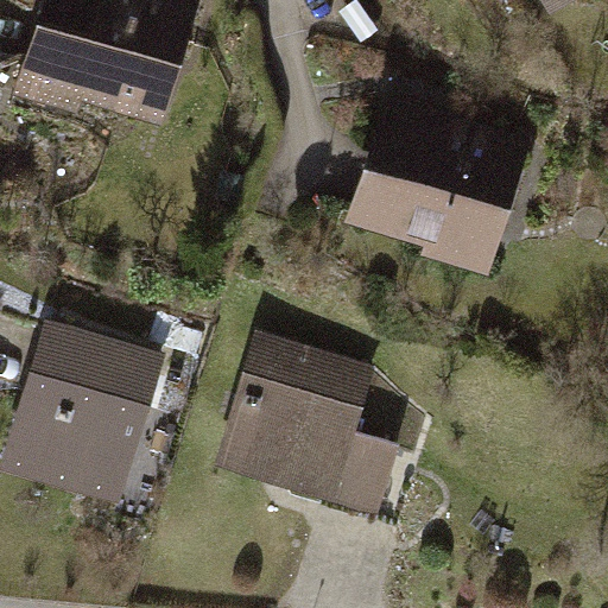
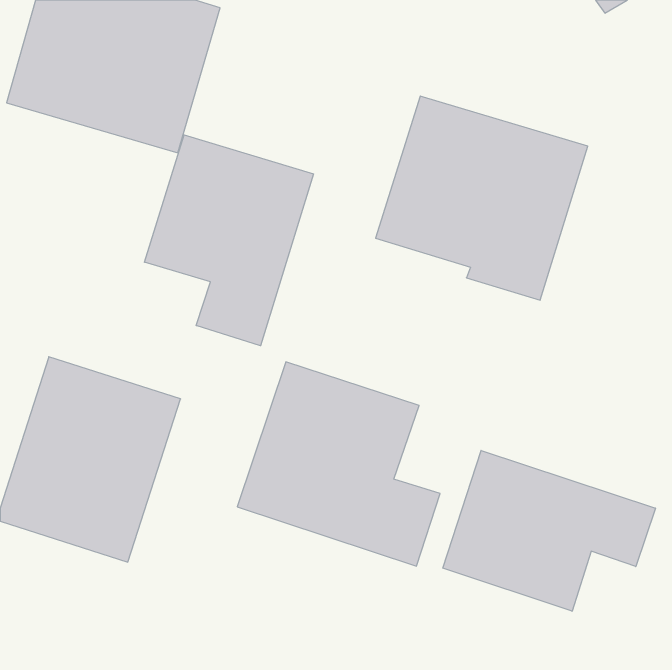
building: none -> [144,135,313,346]
building: none -> [443,450,655,611]

